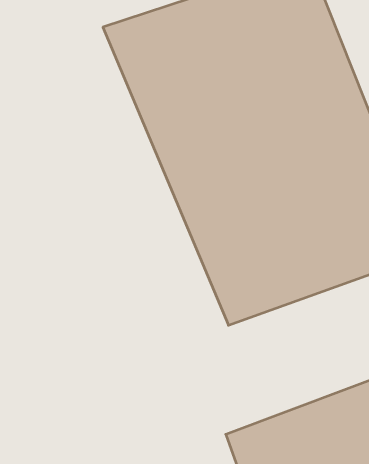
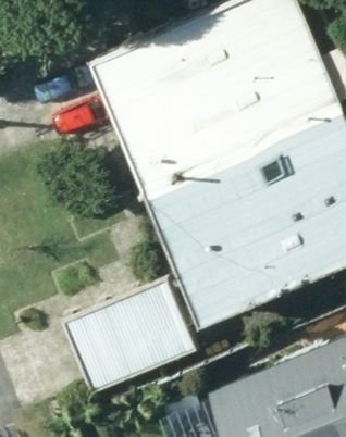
building: none -> [67,288,203,407]

